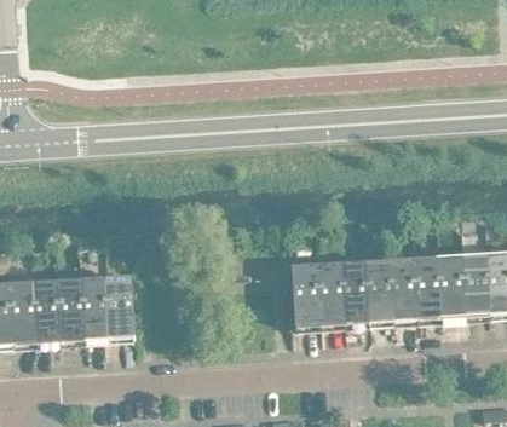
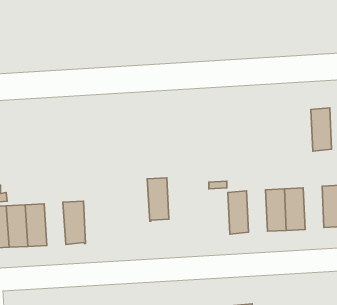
building: [415,262,442,318] -> [311,108,332,151]
building: [342,267,369,322] -> none
building: [293,271,321,327] -> [147,178,169,221]
building: [82,283,110,339] -> none

